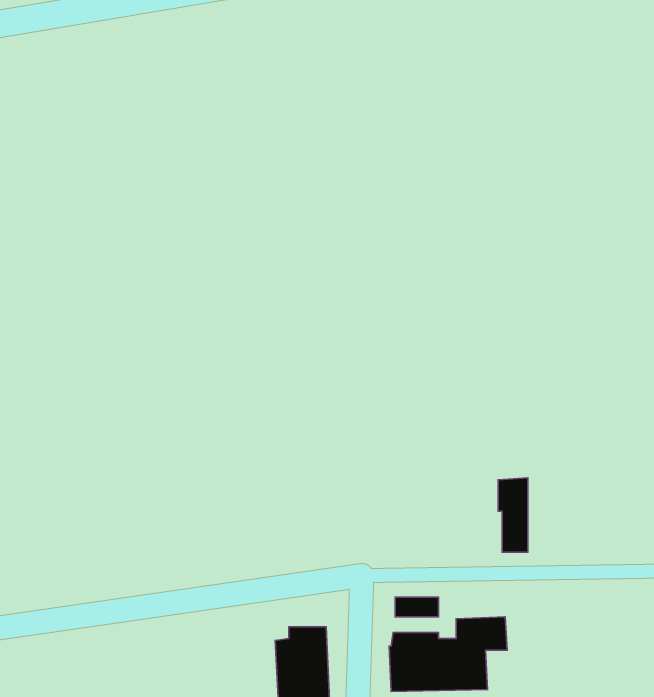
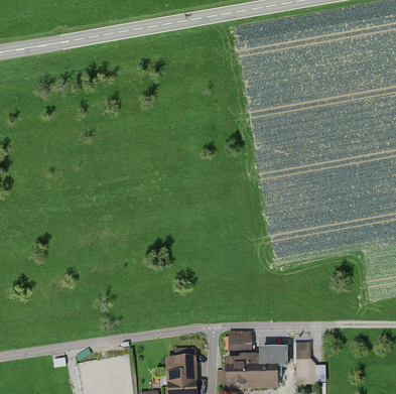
building: [498,478,528,552] -> [294,342,309,380]

